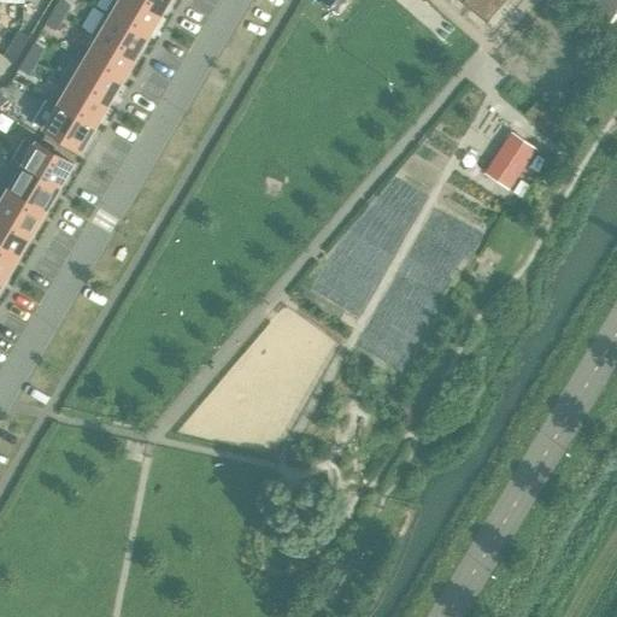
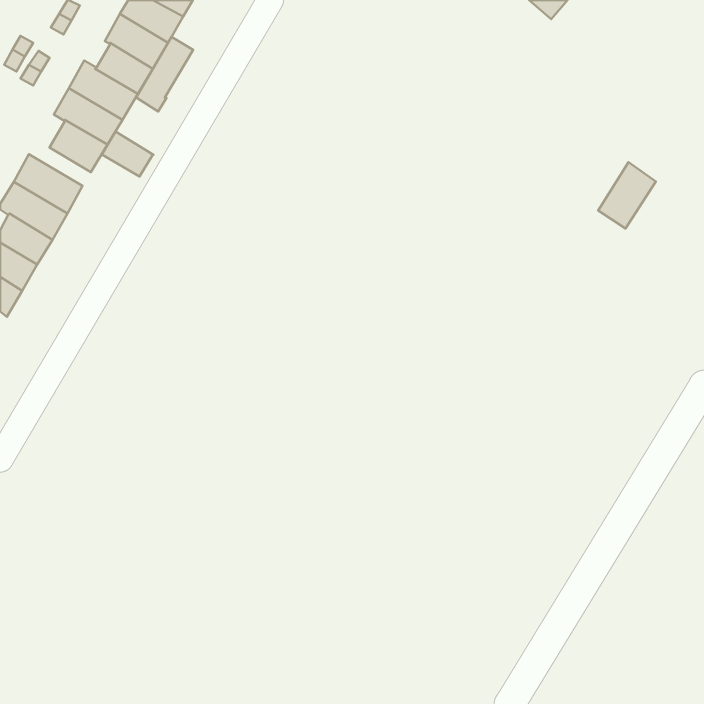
building: none -> [136,37,193,112]
building: none -> [102,132,154,177]
building: [484,131,535,189] -> [598,162,656,228]

